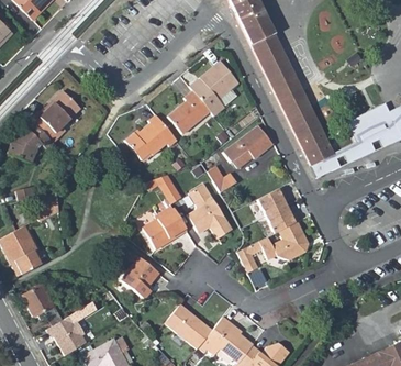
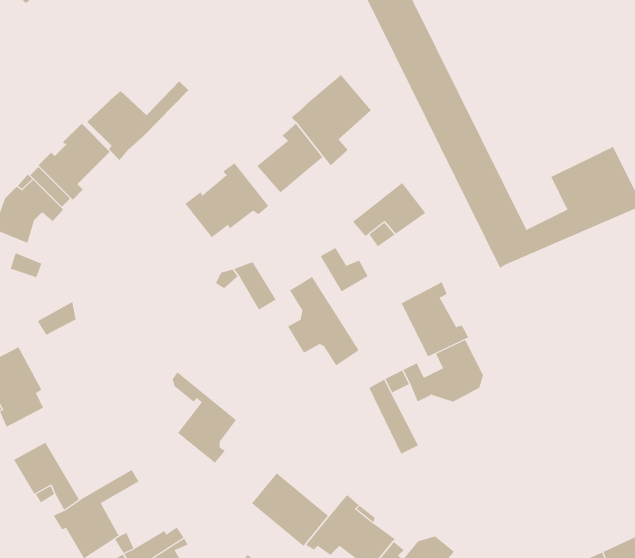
building: none -> [87,80,189,161]
building: [143,207,187,248] -> none

